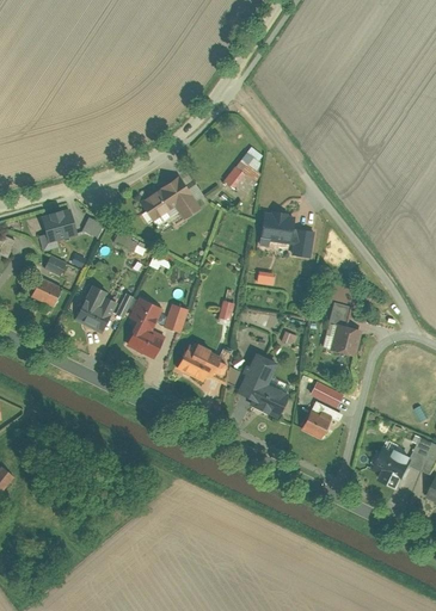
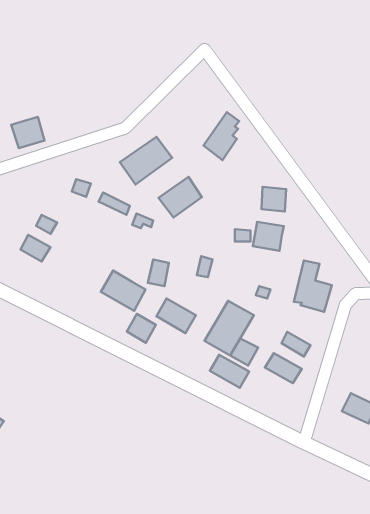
building: [39,208,75,241] -> [11,117,45,148]
building: [259,211,293,242] -> [253,222,284,251]
building: none -> [159,177,202,218]
building: [70,284,117,331] -> none
building: [130,296,161,327] -> [127,314,156,343]
building: none -> [210,355,249,388]

